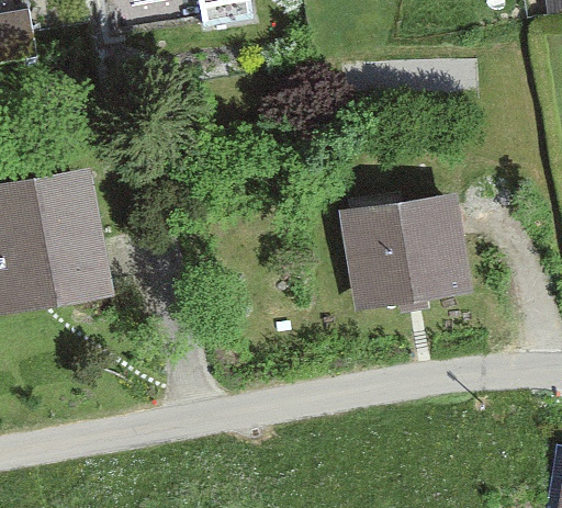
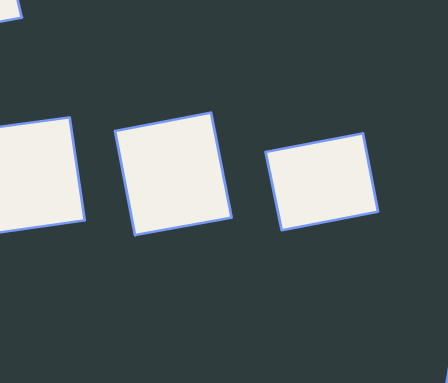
building: none -> [115,113,231,235]

